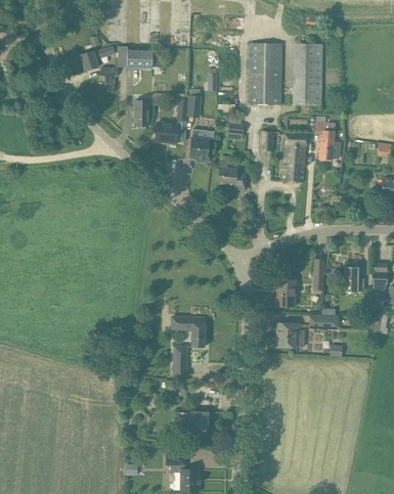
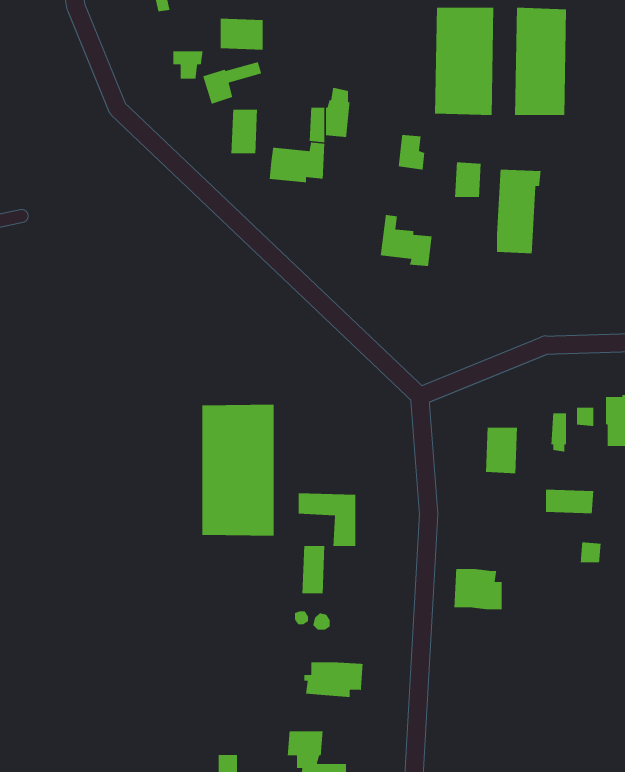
building: [80,46,114,71] -> [202,61,262,105]
building: [314,121,340,160] -> none
building: [188,129,214,162] -> none
building: none -> [201,404,274,537]
building: [275,323,303,347] -> [454,568,503,610]

